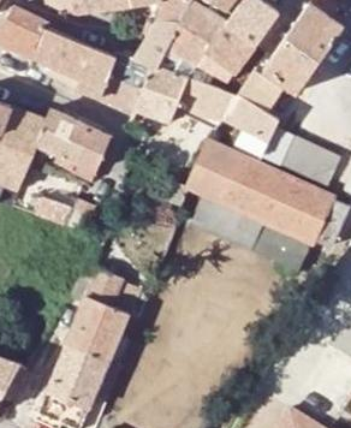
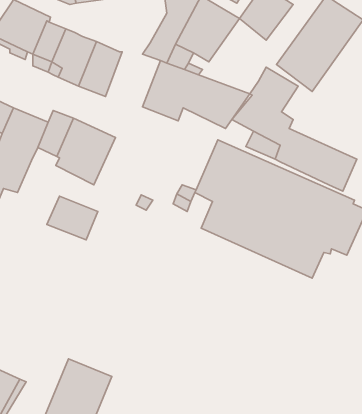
building: [200,24,254,81] -> none
building: [102,49,154,111] -> none
building: [67,266,127,361] -> none

